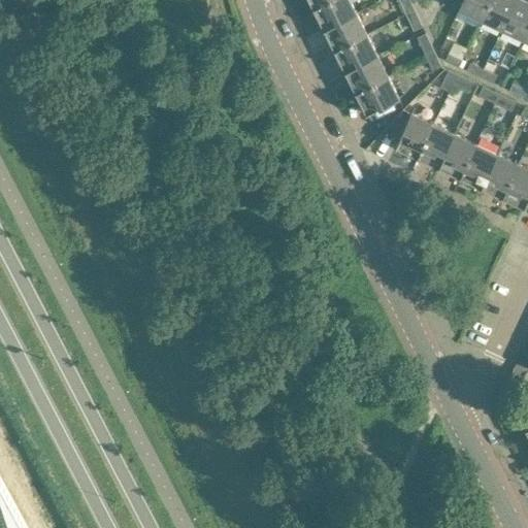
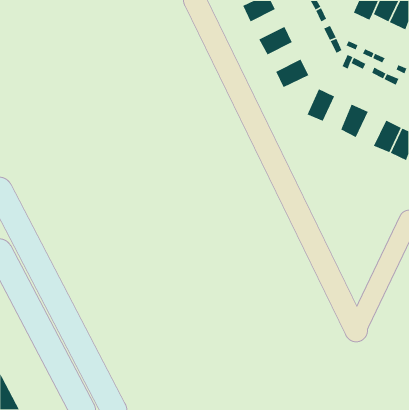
building: [322,12,366,51] -> none
building: [343,55,387,92] -> none
building: [416,124,452,167] -> none
building: [458,143,496,188] -> none

